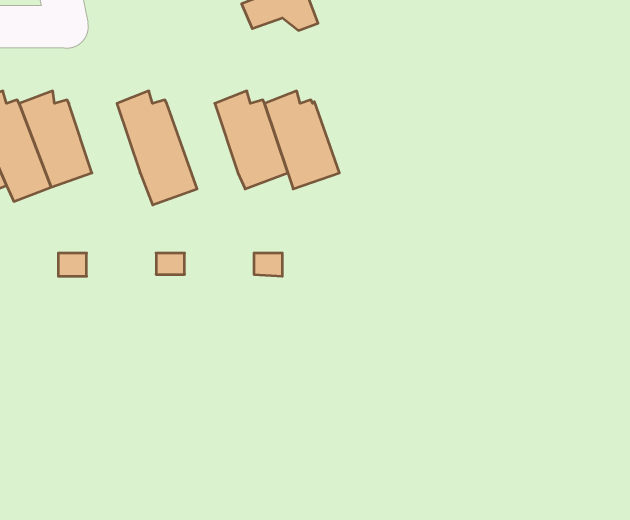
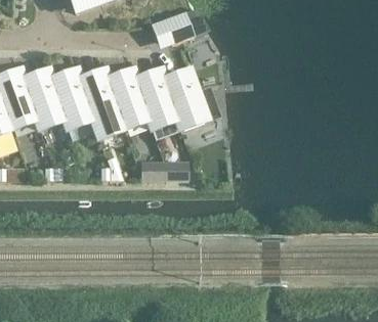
building: none -> [51,73,92,129]
building: none -> [108,73,149,129]

